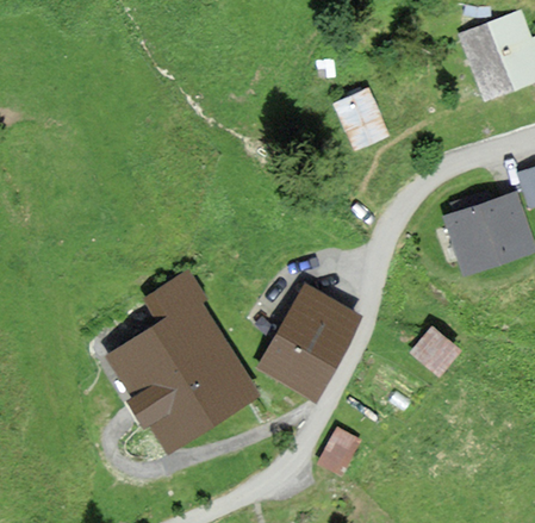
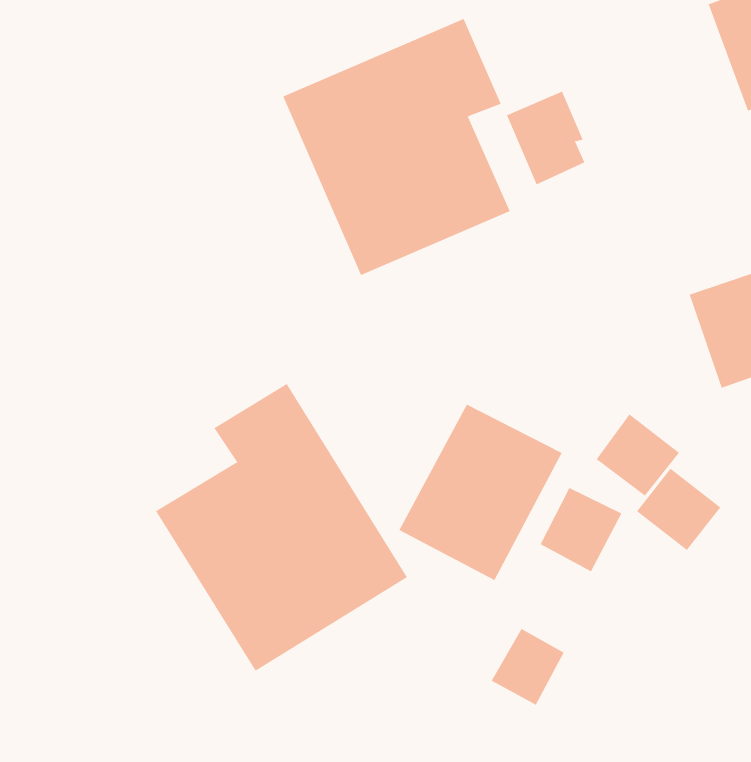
building: none -> [283,18,510,276]
building: none -> [596,414,680,497]
building: none -> [540,487,622,572]

